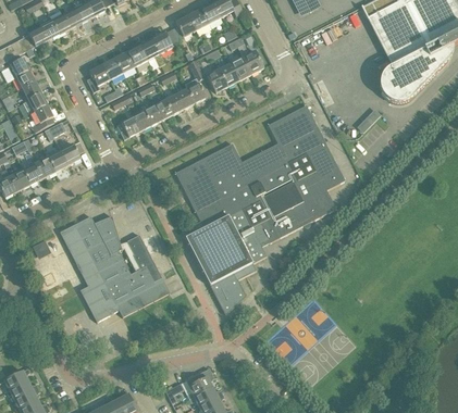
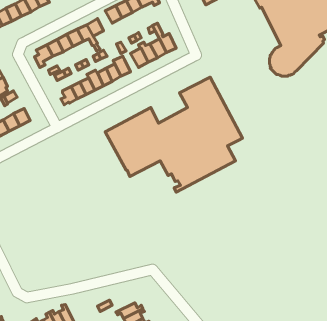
building: [183,209,269,310] -> none
building: [60,215,170,321] -> none
building: [186,367,214,398] -> none

